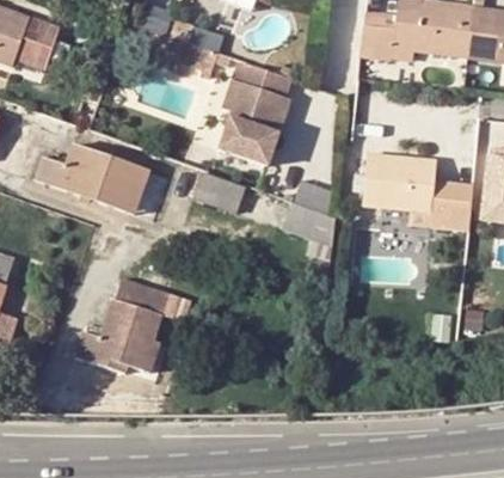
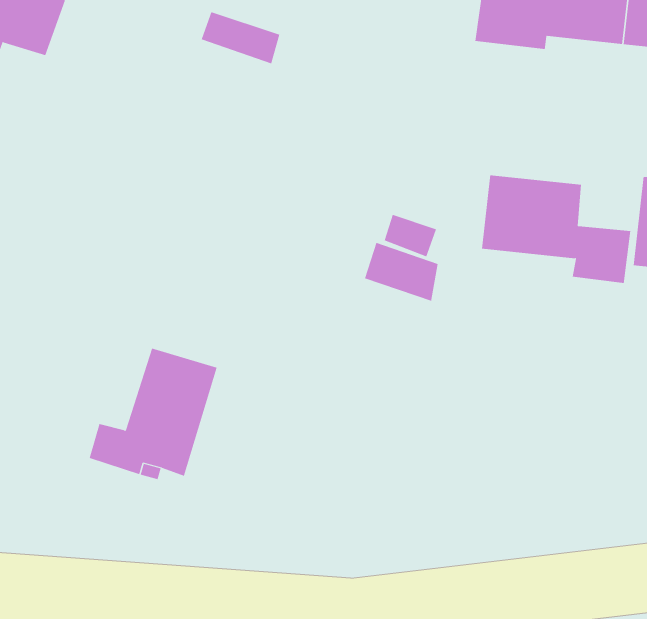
building: [222,62,295,168] -> none
building: [37,142,153,212] -> none
building: [196,174,245,214] -> none

